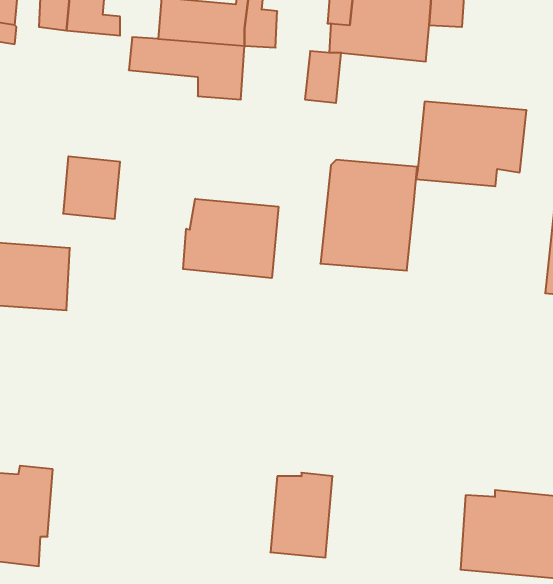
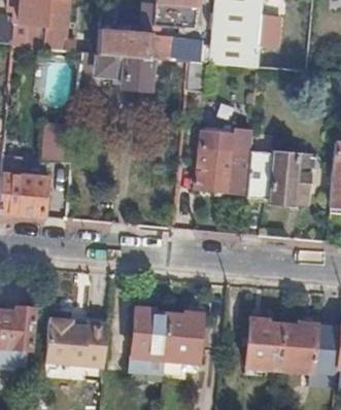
building: [416,102,527,186] -> [246,150,312,201]
building: [183,199,278,278] -> none
building: none -> [133,307,170,358]
building: none -> [246,317,282,369]
building: none -> [44,318,109,367]

